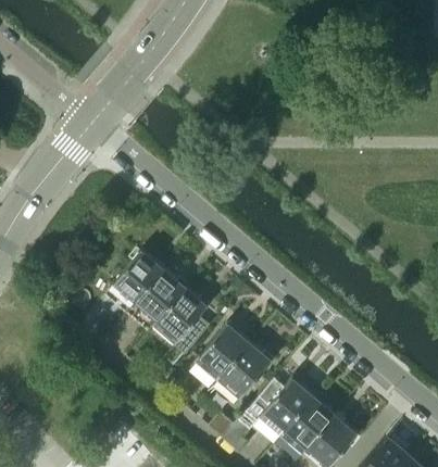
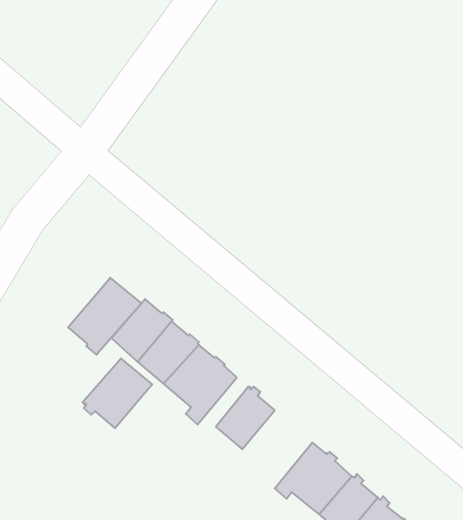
building: none -> [68,278,142,355]
building: none -> [82,358,152,428]
building: [221,345,271,396] -> none

